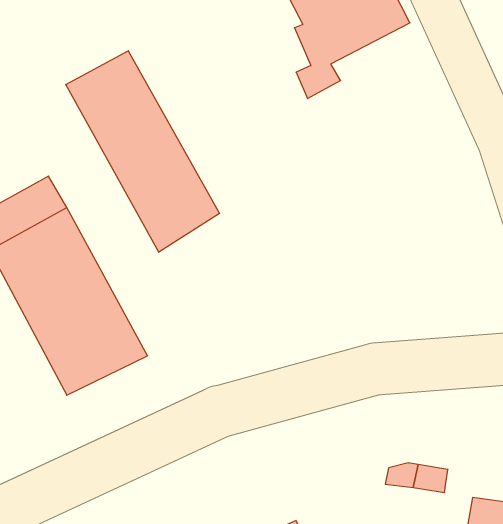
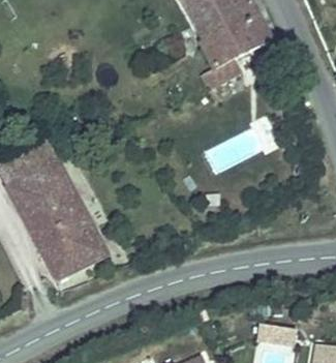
building: [66,51,220,252] -> none

